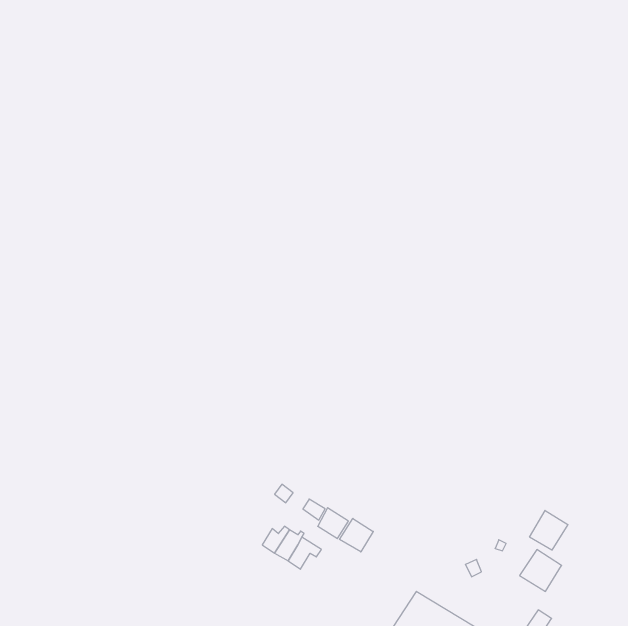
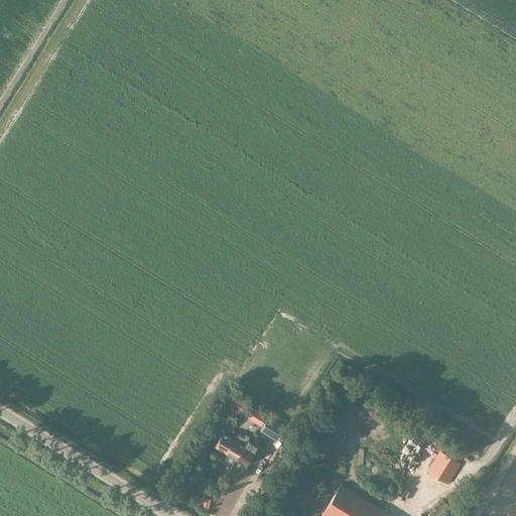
building: [530,510,568,550] -> none
building: [340,518,373,552] -> none

